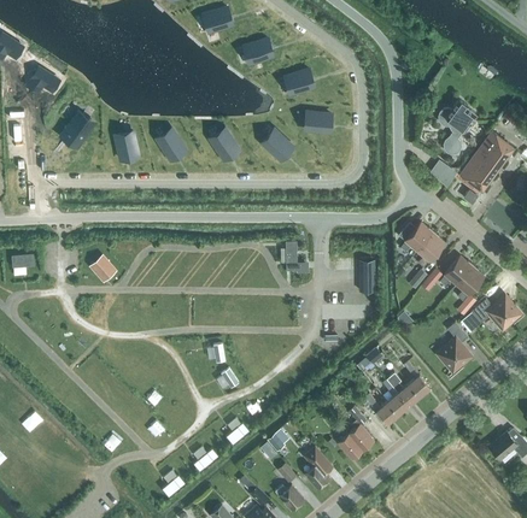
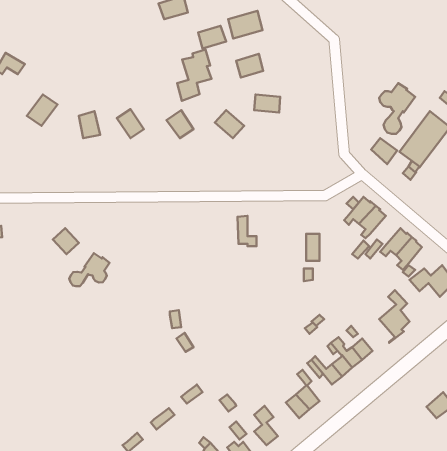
building: none -> [228,11,262,38]
building: none -> [177,50,212,101]
building: none -> [69,253,109,286]

